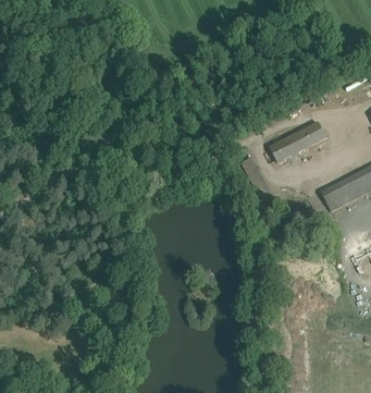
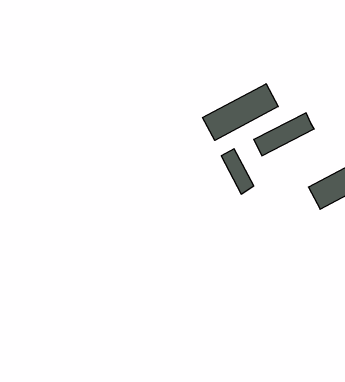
building: none -> [203,84,278,140]

